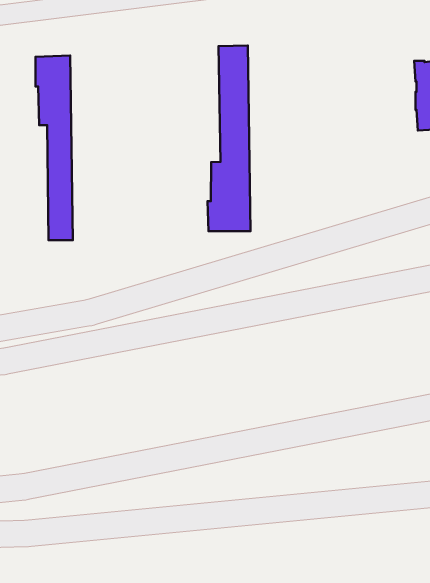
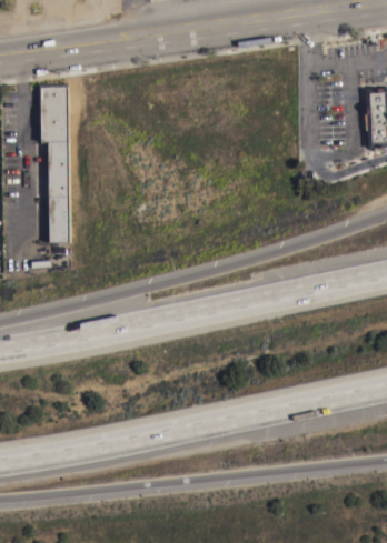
building: [208,46,250,231] -> none

